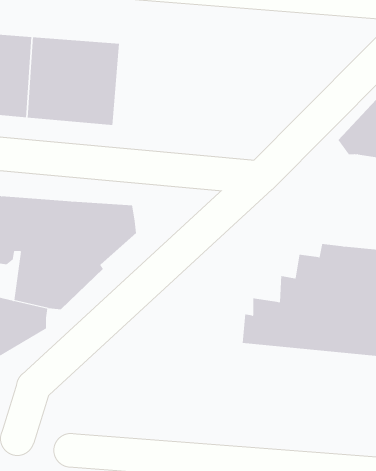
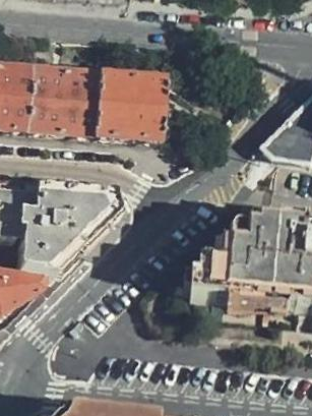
building: none -> [91,67,164,135]

